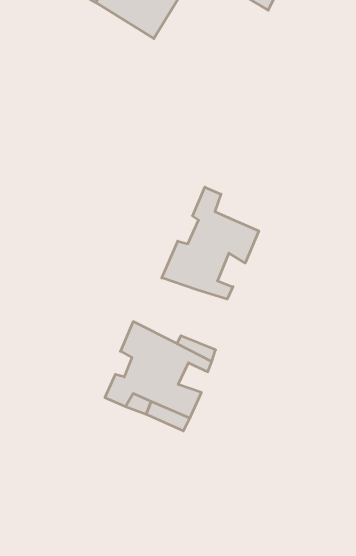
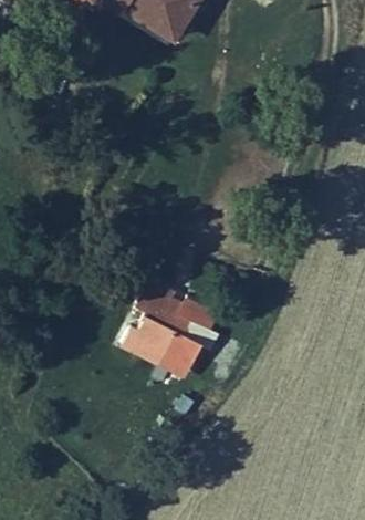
building: [162,187,259,299] -> none

